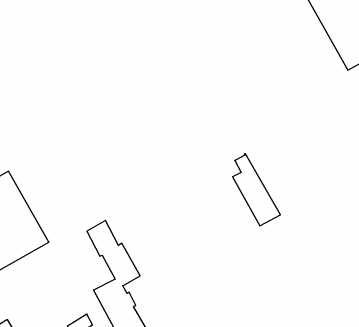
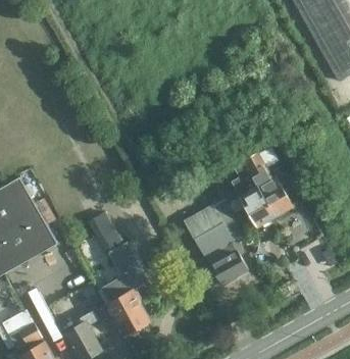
building: none -> [243,152,294,217]
building: none -> [185,196,250,286]

